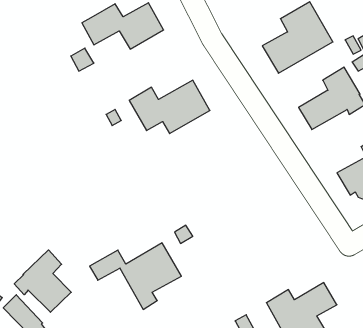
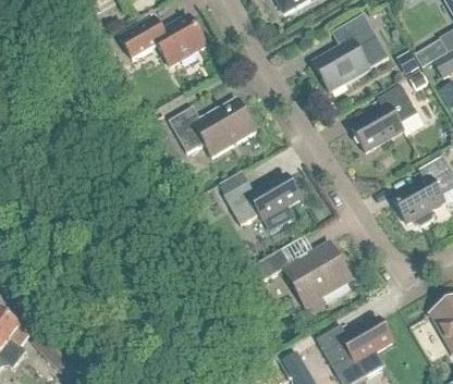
building: none -> [224,173,301,231]
building: [90,243,181,309] -> [252,239,351,311]
building: [14,250,71,312] -> none

